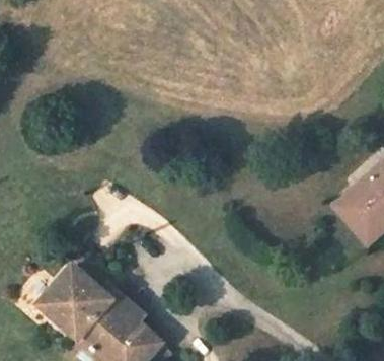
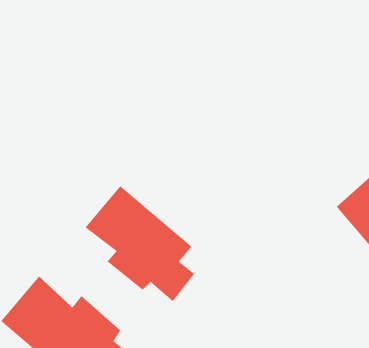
building: none -> [84,185,195,302]

